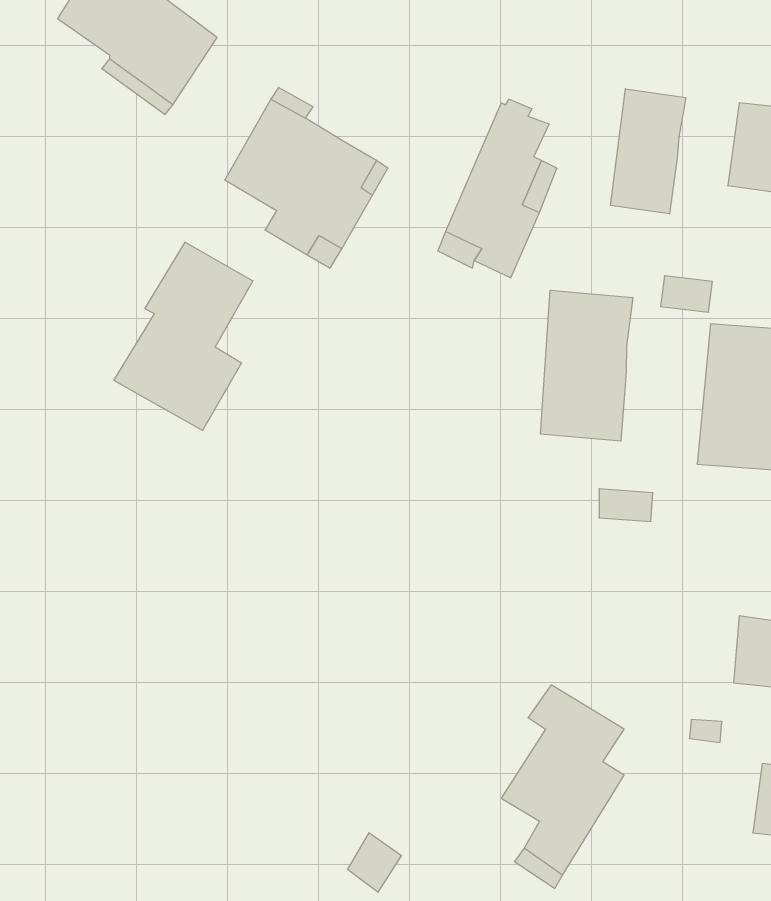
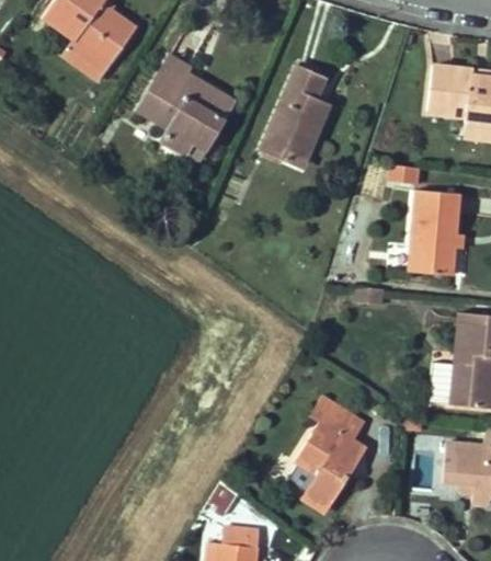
building: [611,89,686,214] -> none
building: [114,242,253,431] -> none
building: [541,290,633,441] -> none

